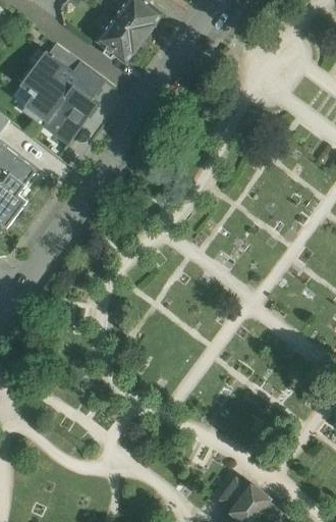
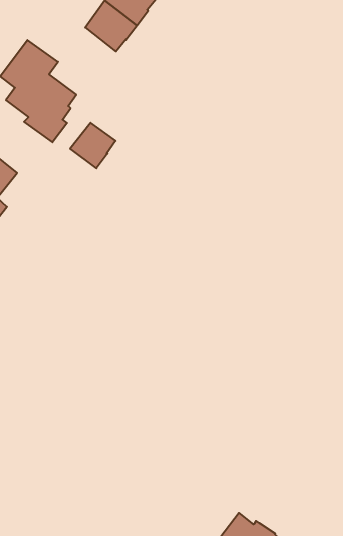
building: [63,61,104,101] -> none
building: none -> [70,123,115,168]

